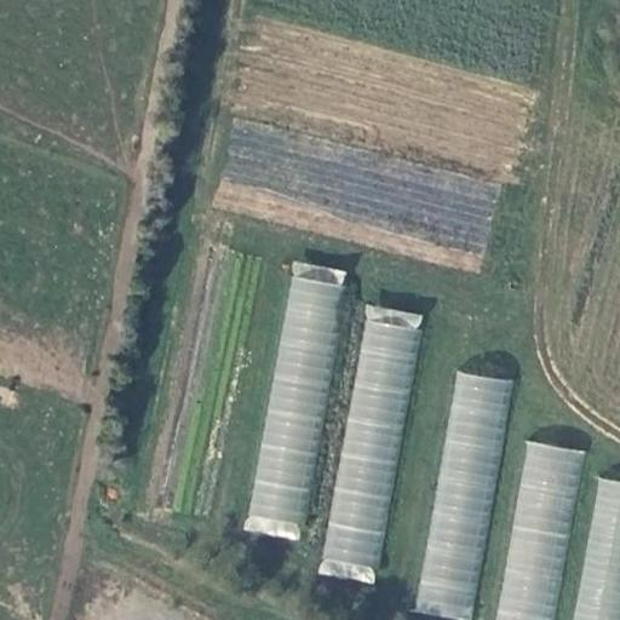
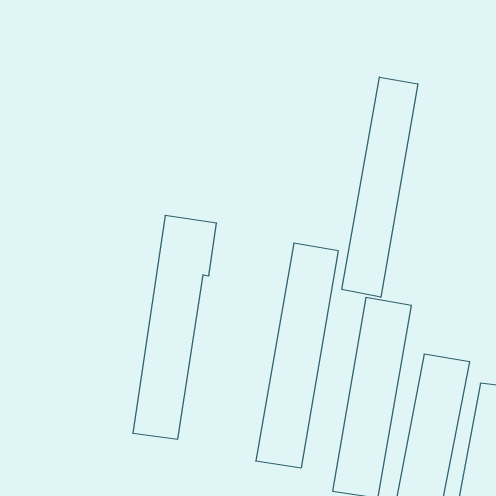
building: none -> [342,77,418,297]
building: [249,262,354,540] -> [133,215,217,439]

